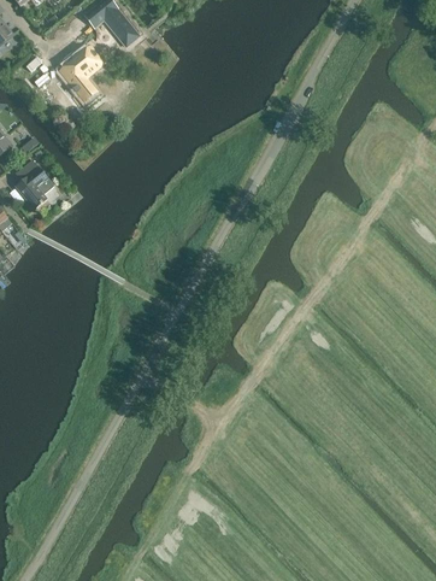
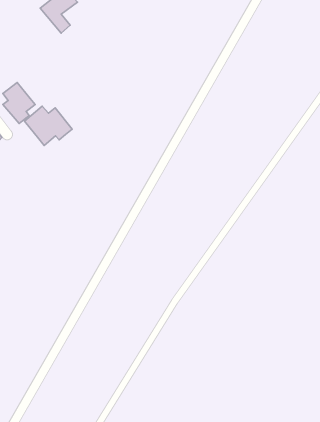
building: none -> [24,106,72,145]

